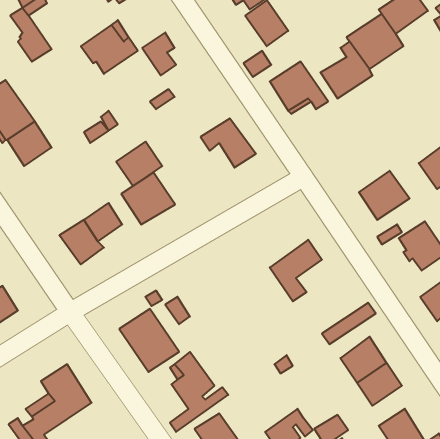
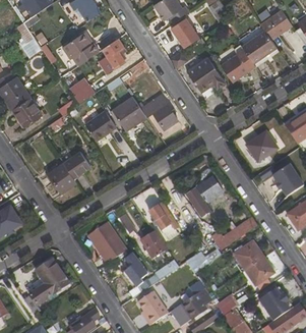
building: [121,172,175,225] -> [112,96,147,130]
building: none -> [149,202,180,230]
building: none -> [141,230,168,261]

